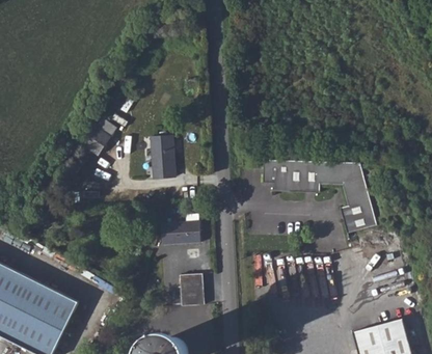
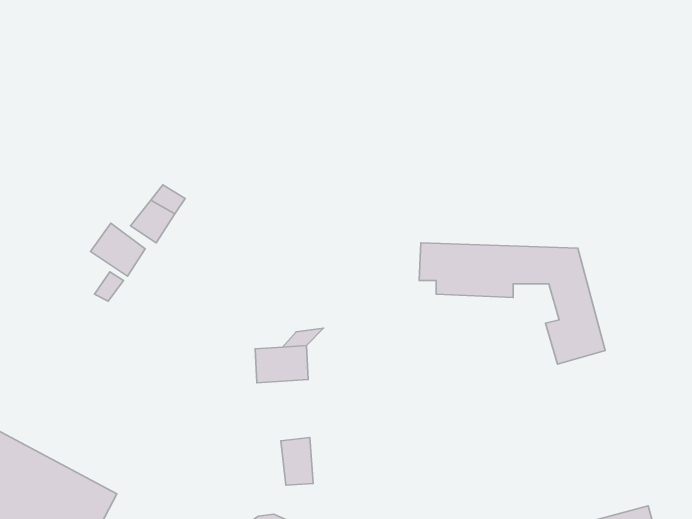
building: [153,136,177,169] -> none
building: none -> [90,223,145,276]

